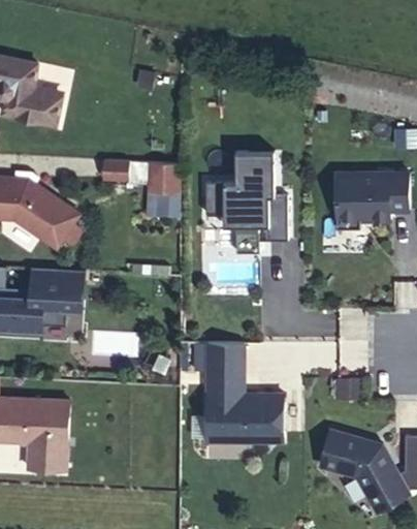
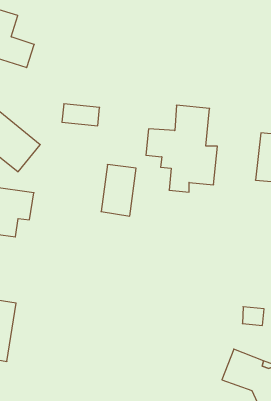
building: [145,162,181,220] -> [101,165,136,216]
building: [206,343,283,441] -> none

